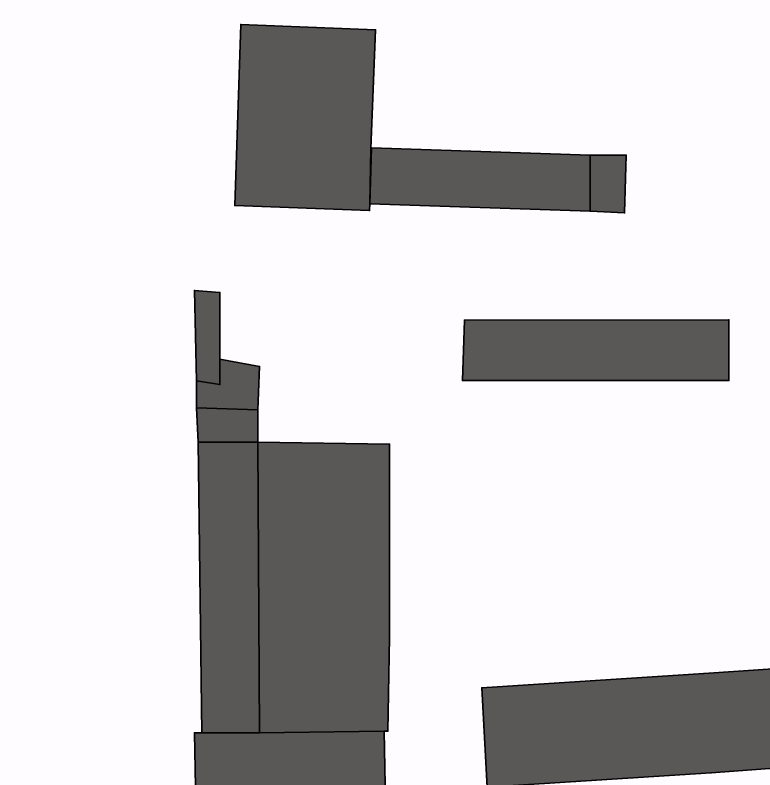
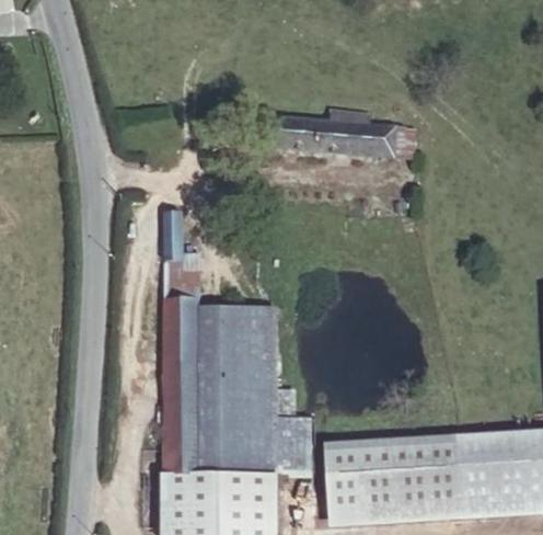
building: [235,25,376,211] -> none
building: [462,320,729,380] -> none
building: none -> [277,418,317,475]

